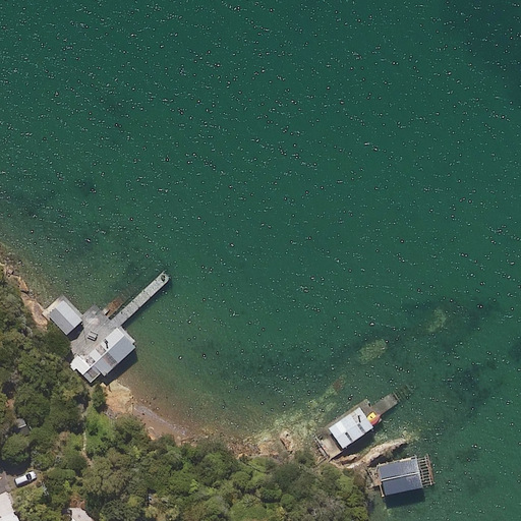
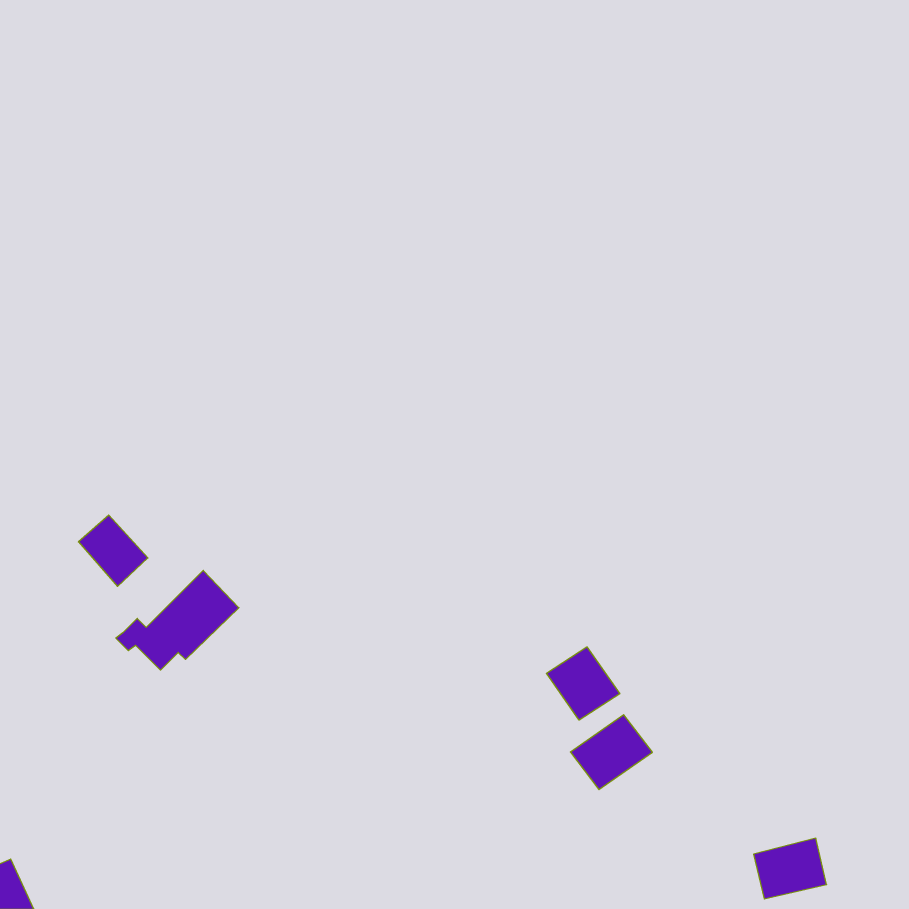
building: none -> [546,647,620,720]
building: [378,458,419,493] -> [754,838,827,899]

